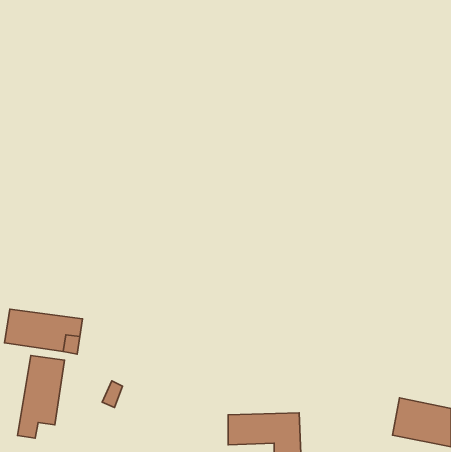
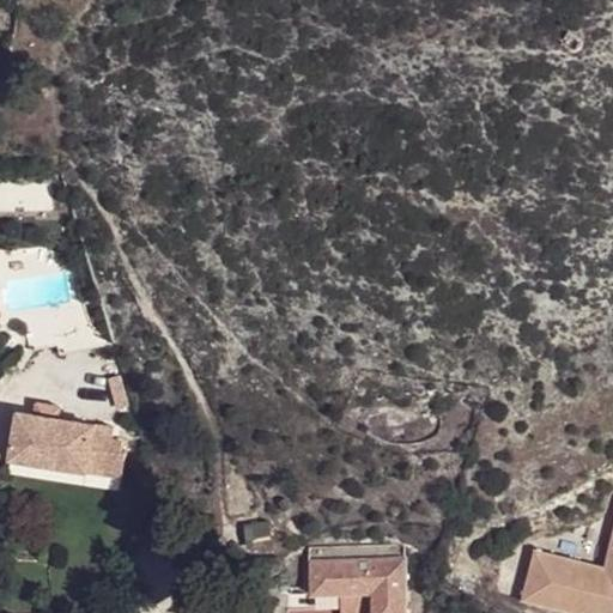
building: [18,356,64,438] -> none

